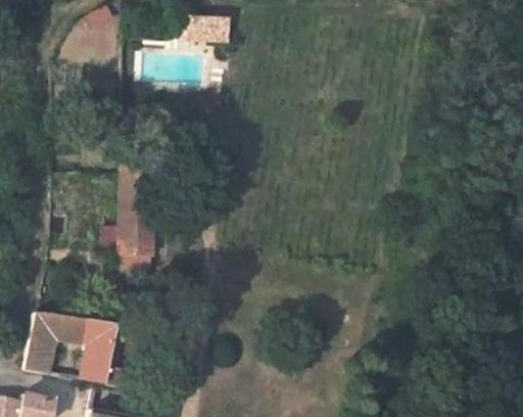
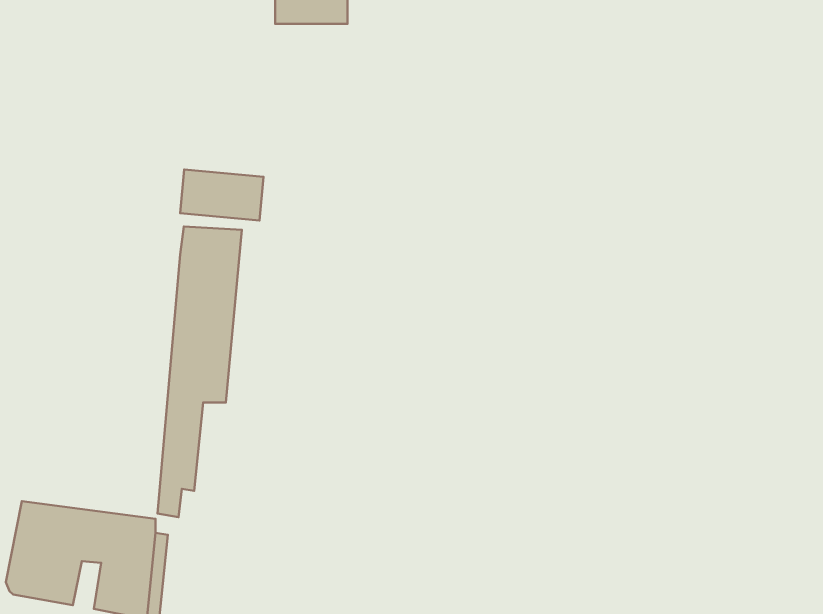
building: none -> [180,170,264,221]

